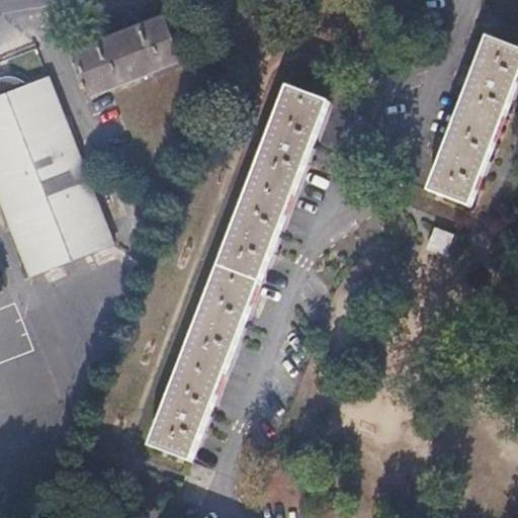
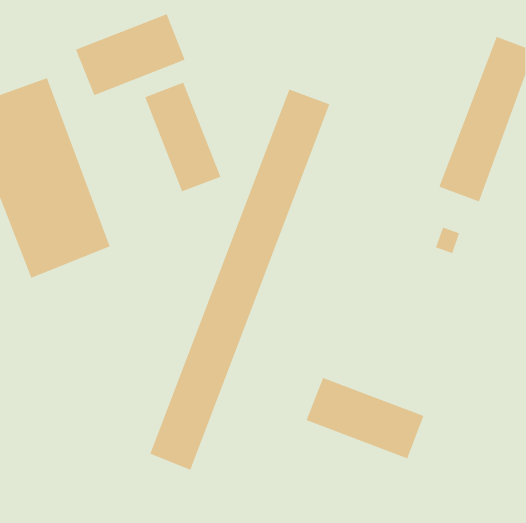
building: none -> [145,82,221,192]
building: none -> [306,377,424,459]

